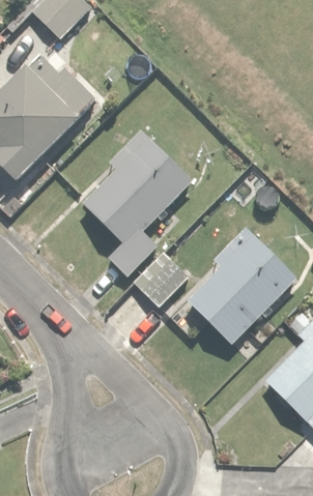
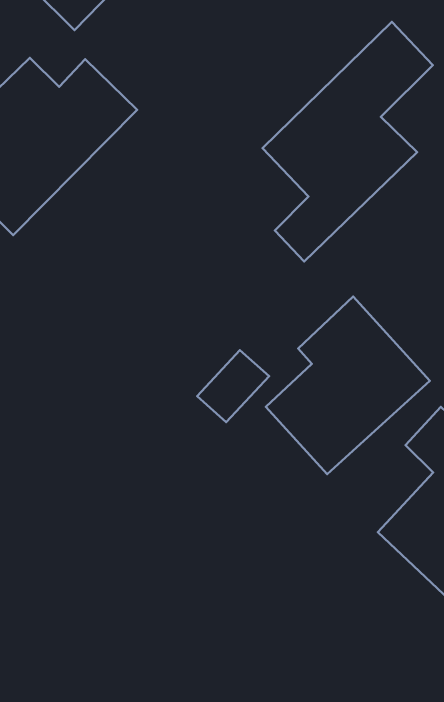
building: none -> [262,22,433,261]
building: [81,130,197,281] -> none

